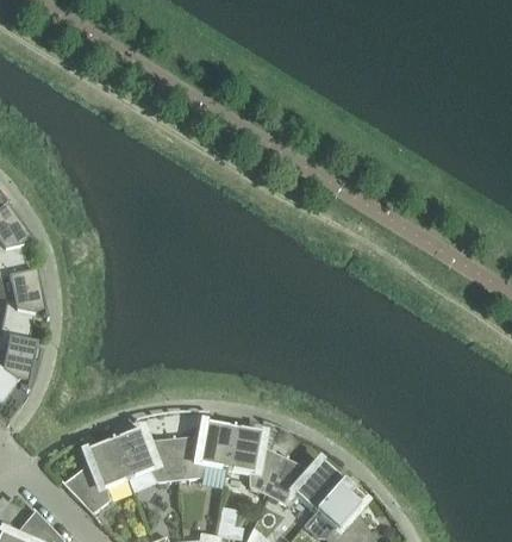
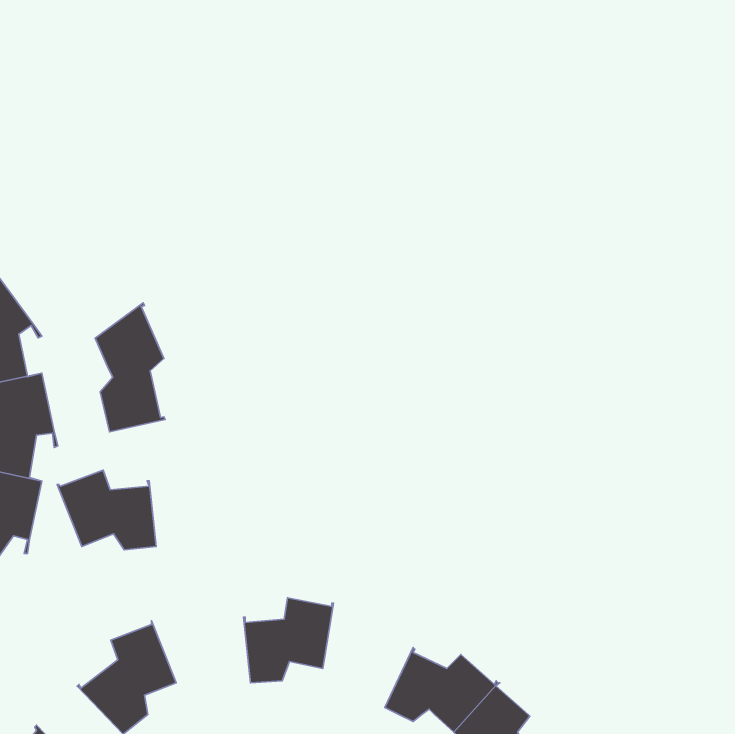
building: none -> [95,303,165,432]
building: [225,425,286,496] -> none
building: [110,428,176,481] -> [57,470,156,550]

